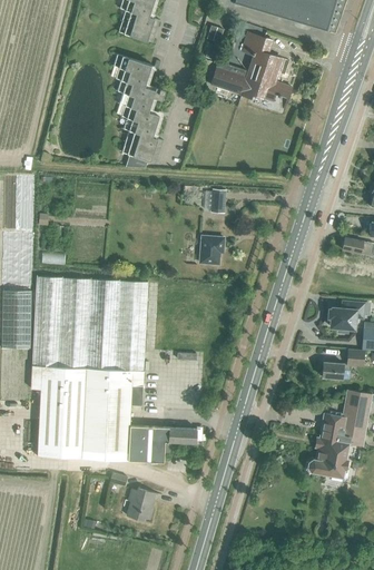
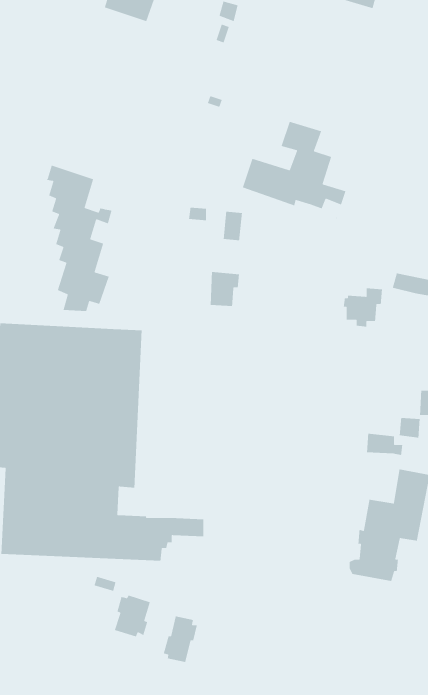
building: [210,31,292,109] -> [242,121,346,221]
building: [112,52,165,167] -> [45,164,113,312]
building: [328,301,360,332] -> [343,288,383,328]
building: none -> [163,615,198,663]

